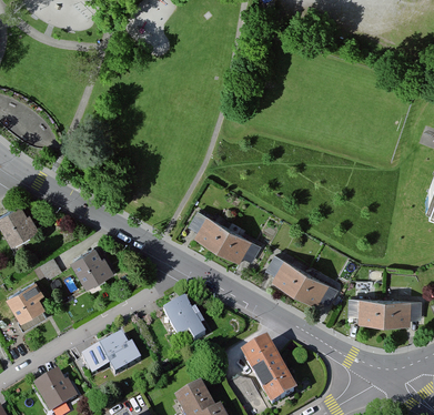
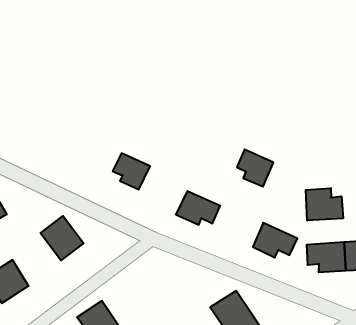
building: [188,210,228,250] -> [113,153,150,190]
building: none -> [306,188,343,221]
building: [265,251,304,292] -> [237,149,273,187]
building: [166,298,206,343] -> none

